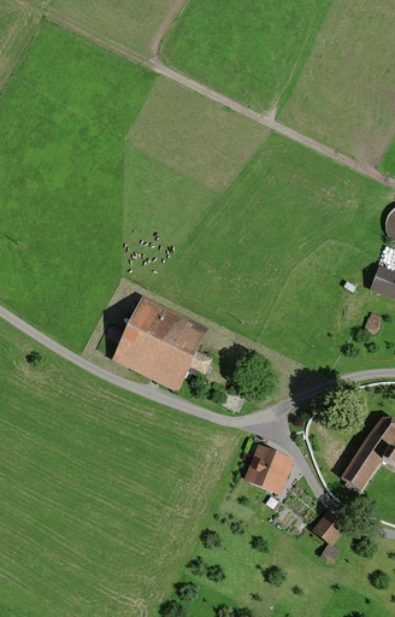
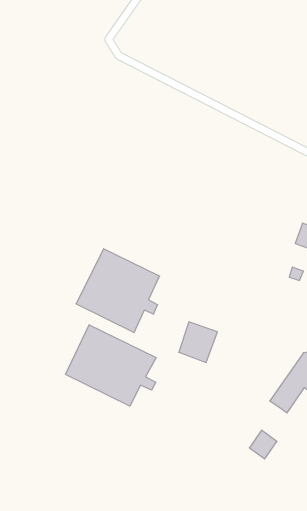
building: none -> [65,325,156,406]
building: [248,446,294,494] -> [179,322,217,362]

